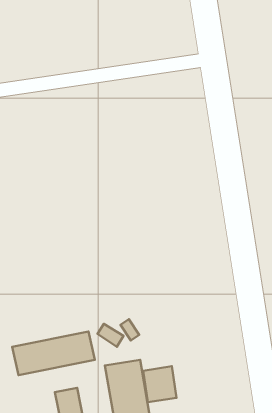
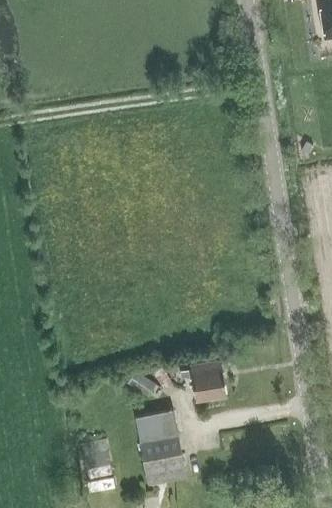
building: [12,332,95,375] -> none
building: [143,366,177,402] -> [190,361,226,400]

